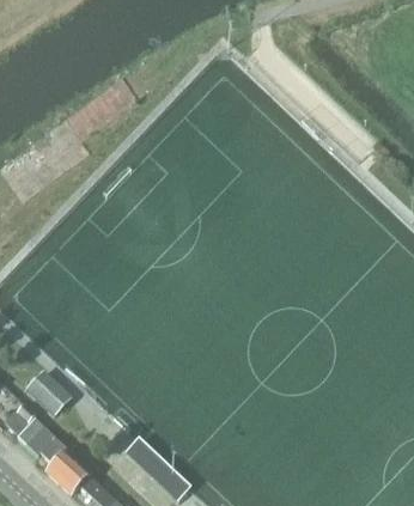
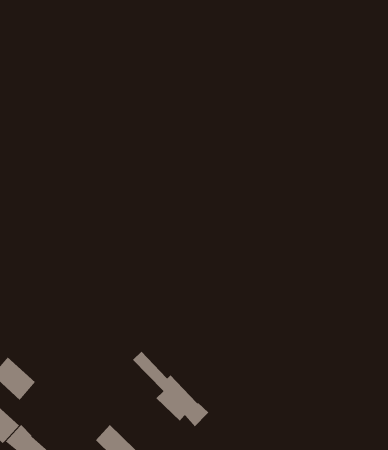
building: none -> [132,351,209,427]

